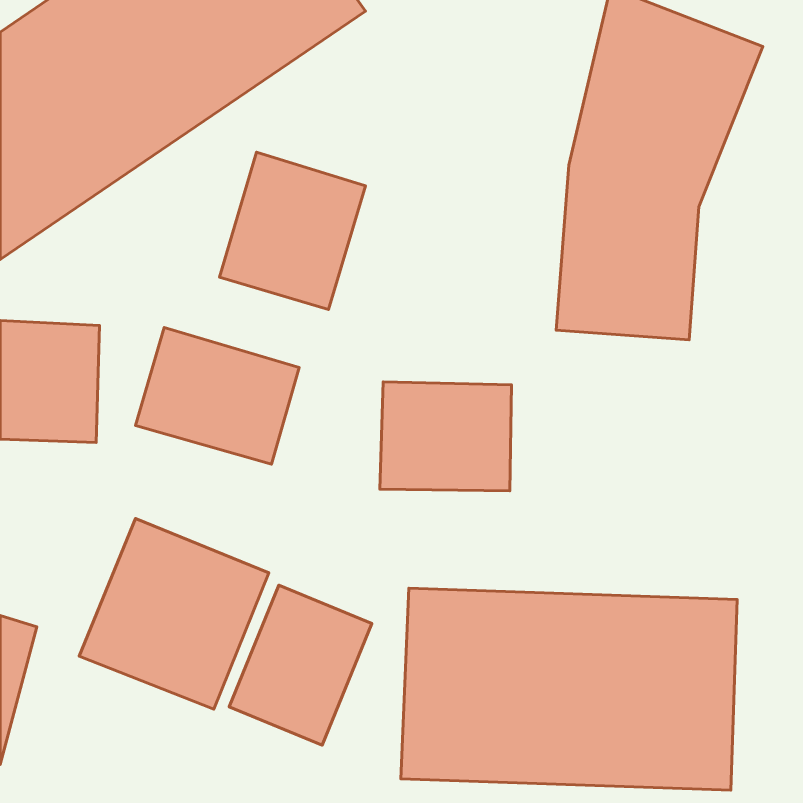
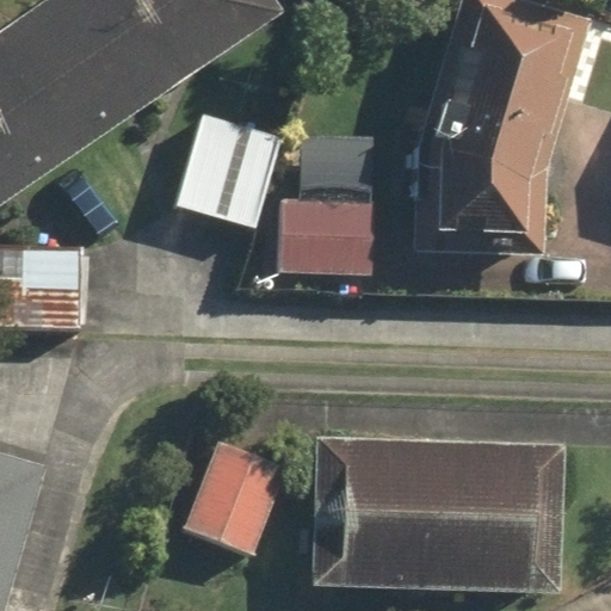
building: [135,328,299,464] -> none
building: [380,382,511,491] -> [282,193,379,274]
building: [79,518,269,709] -> none

